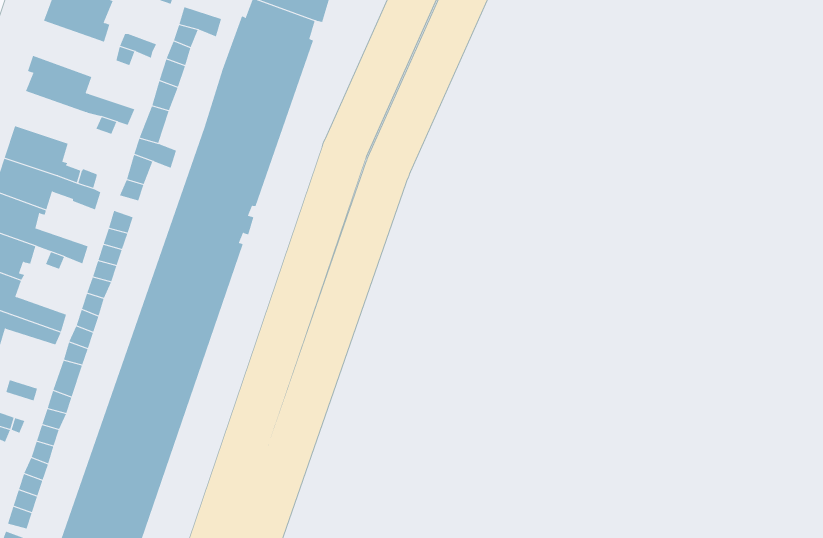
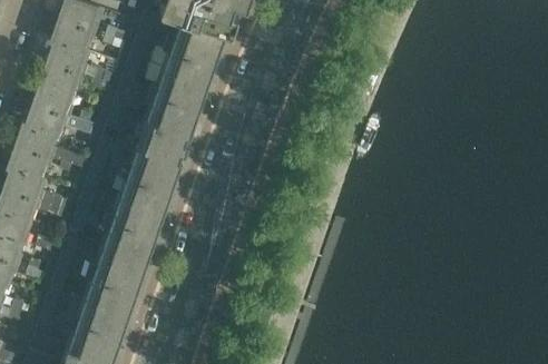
building: none -> [50,22,95,57]
building: none -> [39,66,84,98]

